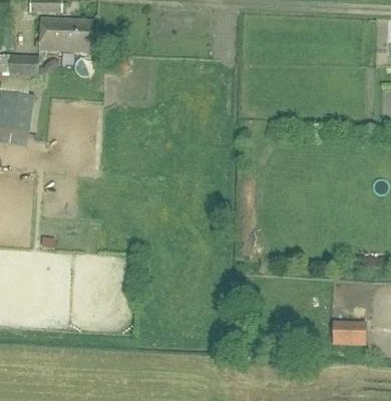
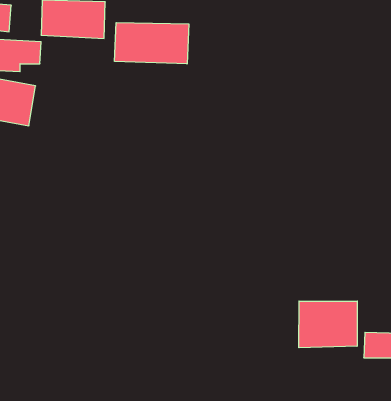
building: none -> [115,23,189,64]
building: none -> [299,301,357,348]

